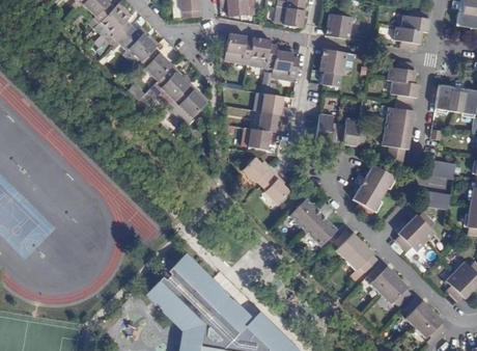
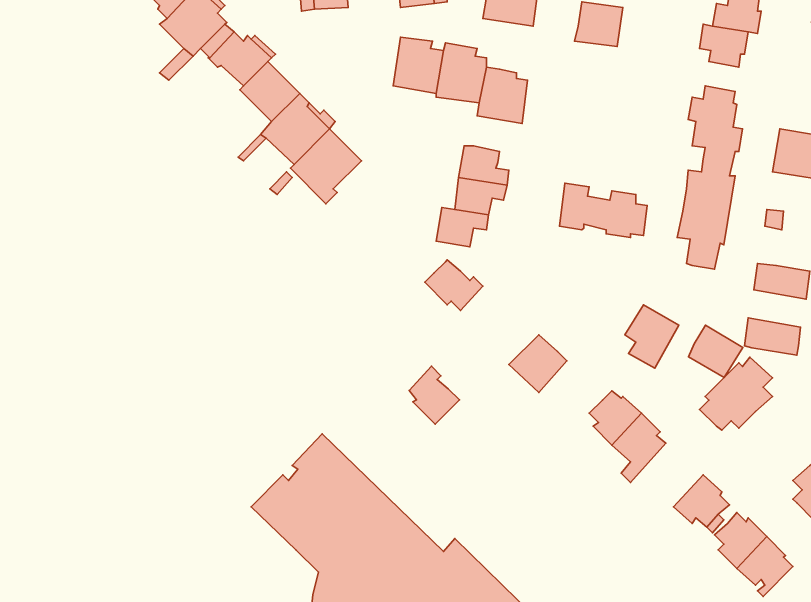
building: [320,48,347,86] -> none
building: [364,164,394,193] -> [689,325,743,377]
building: [262,171,290,204] -> [409,366,460,424]
building: [306,213,338,245] -> none
building: [368,263,397,294] -> none

